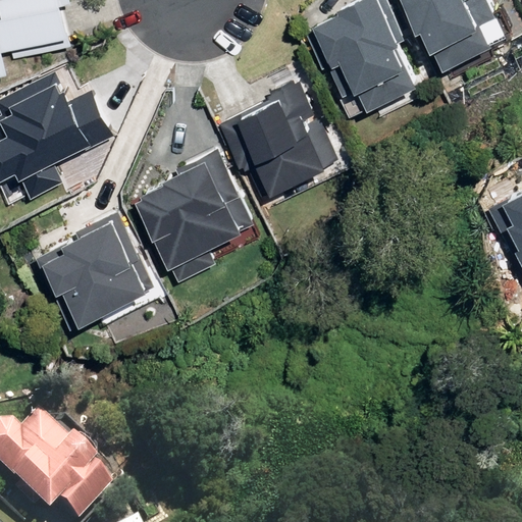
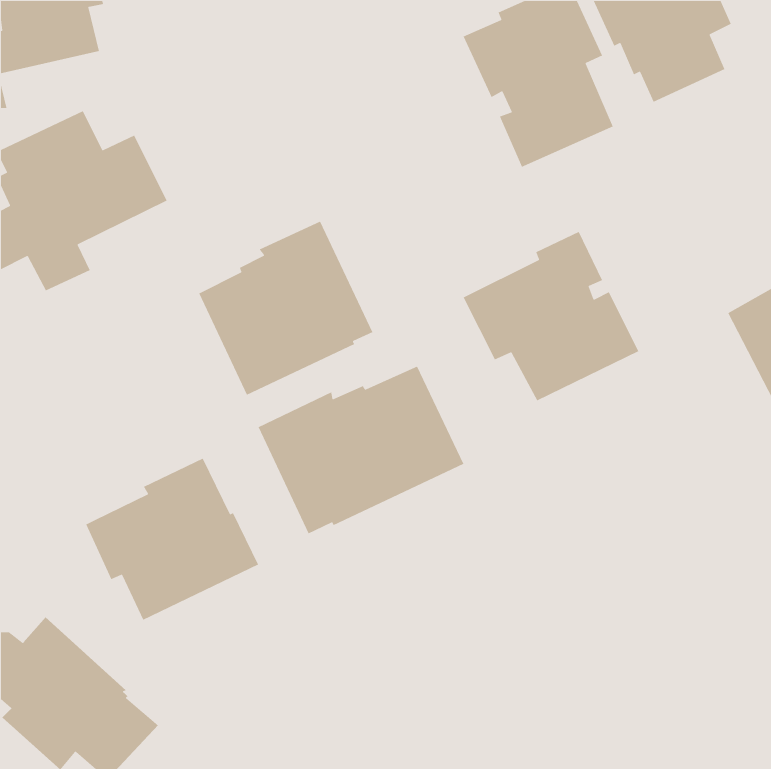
building: [218,81,337,196] -> [463,231,639,401]
building: [38,213,155,323] -> [85,458,259,621]
building: none -> [258,366,464,534]

